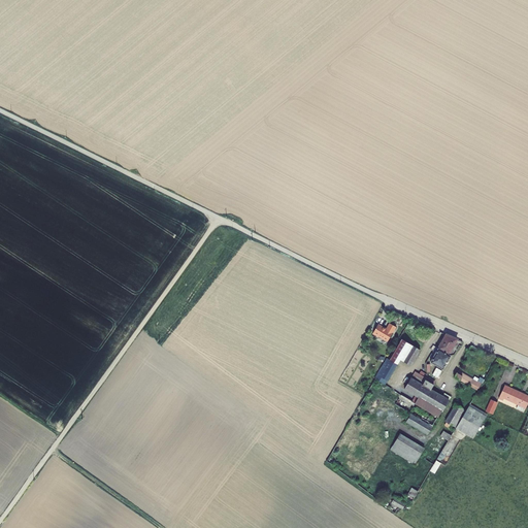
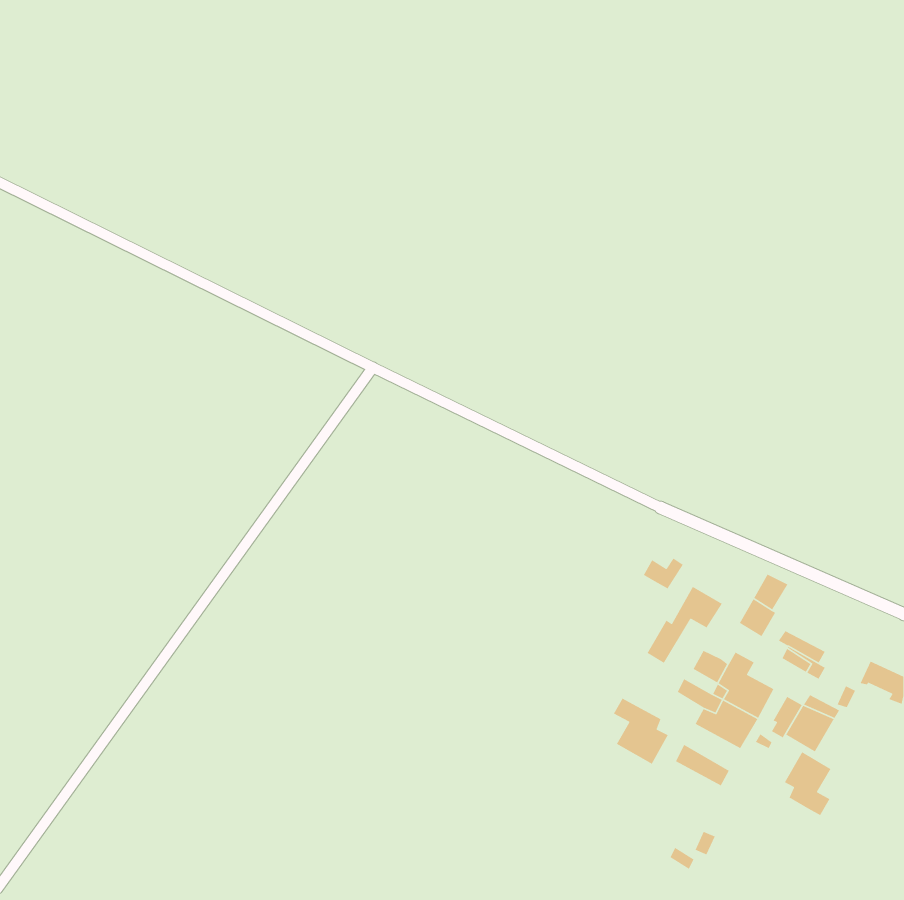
building: none -> [613,697,669,765]
building: none -> [784,751,832,816]

